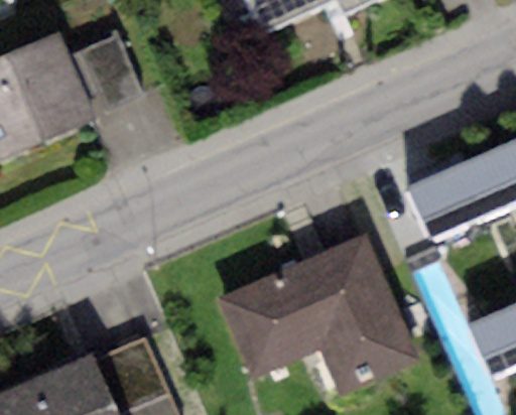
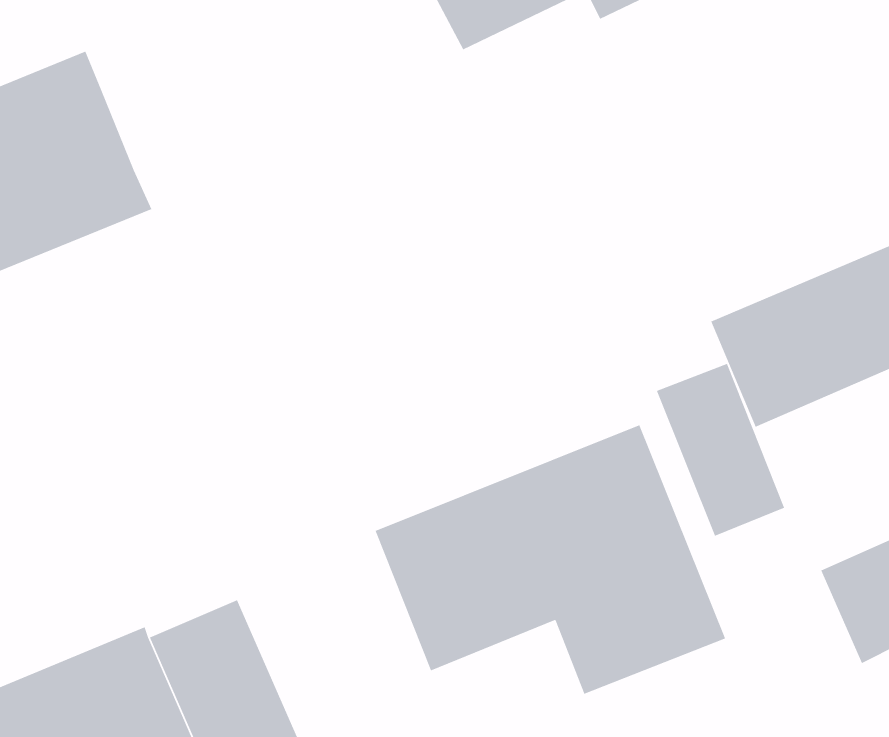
building: [69,34,142,109] -> none
building: none -> [656,363,785,537]

